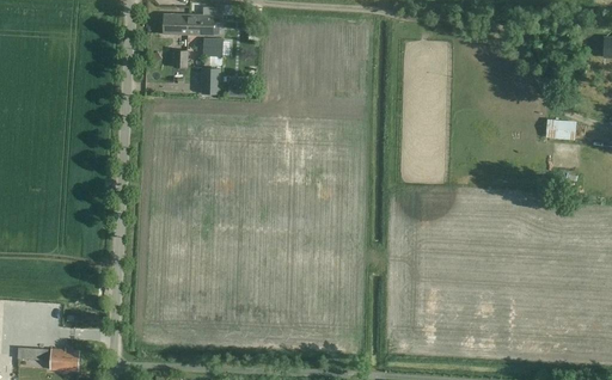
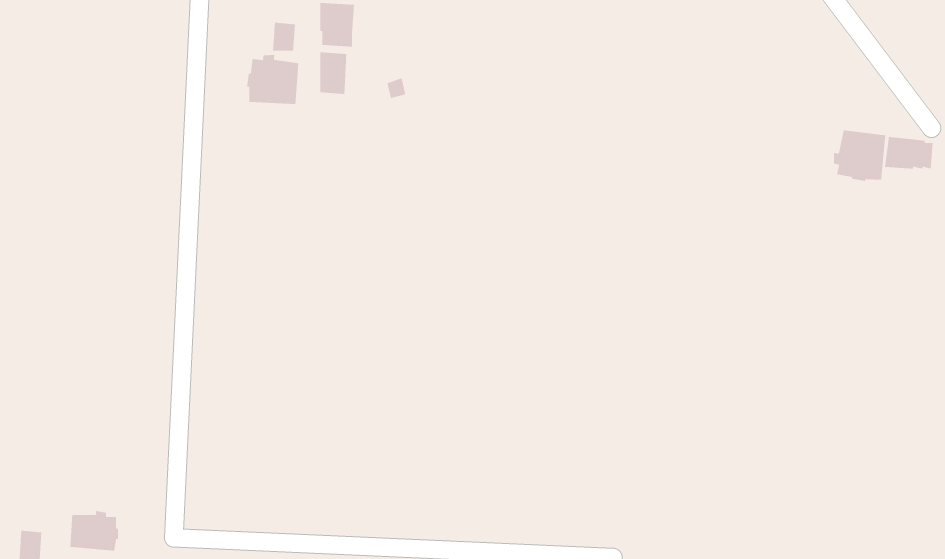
building: none -> [246,54,299,105]
building: none -> [833,129,886,182]

